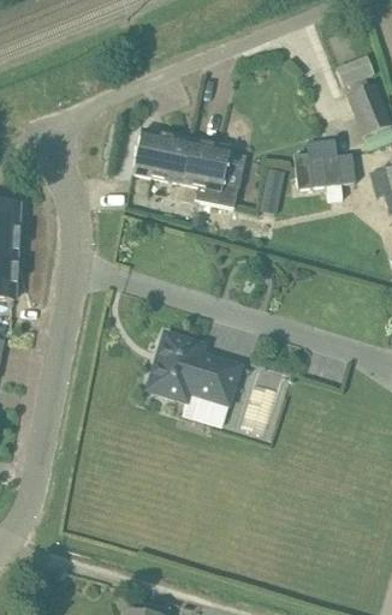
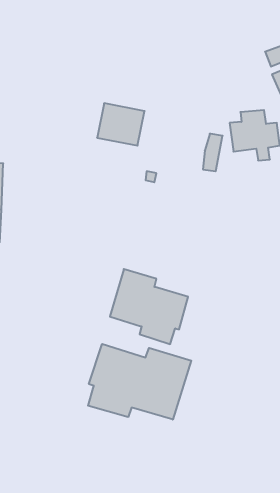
building: [182,138,238,205] -> none
building: none -> [88,344,191,420]

